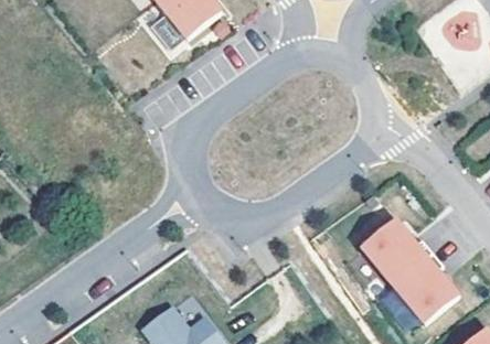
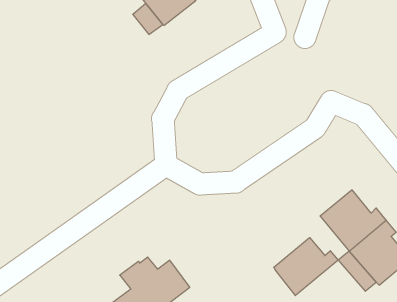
building: none -> [274,238,338,296]

